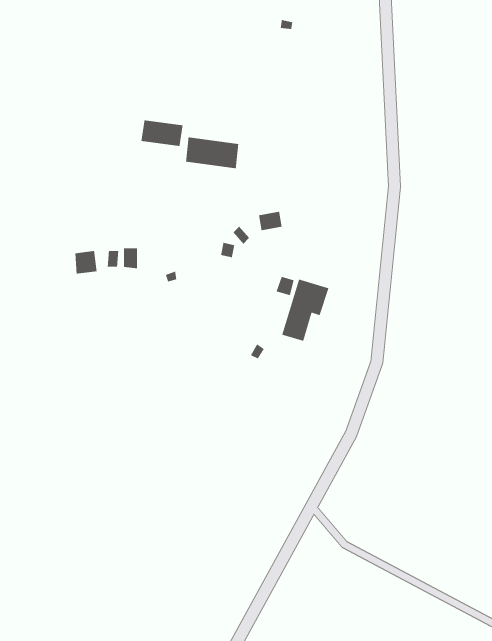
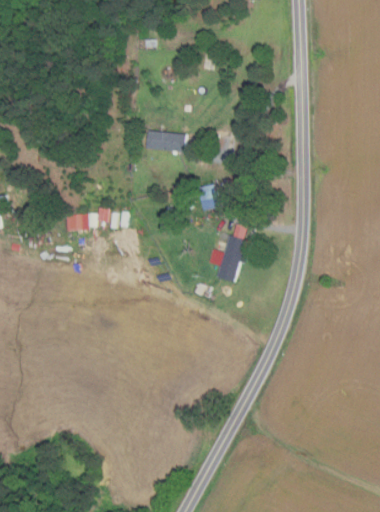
building: [140,120,184,147] -> none

